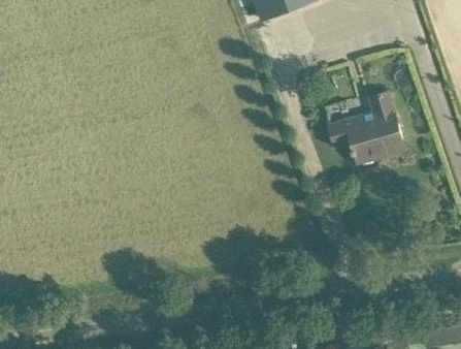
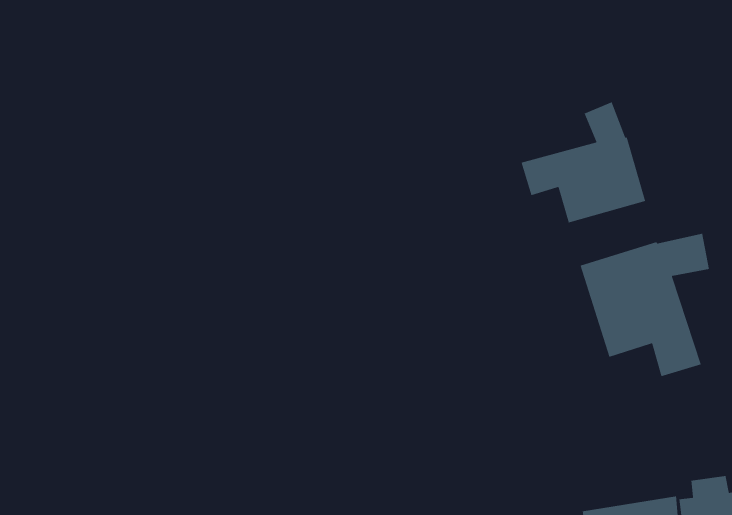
building: none -> [579,233,710,377]

